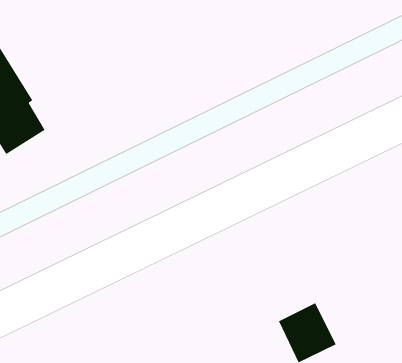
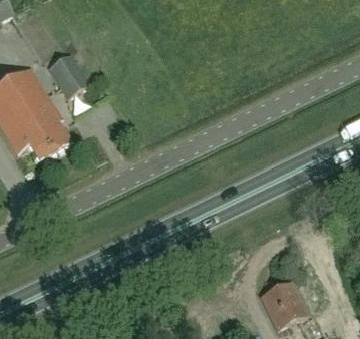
building: none -> [47,52,88,96]

